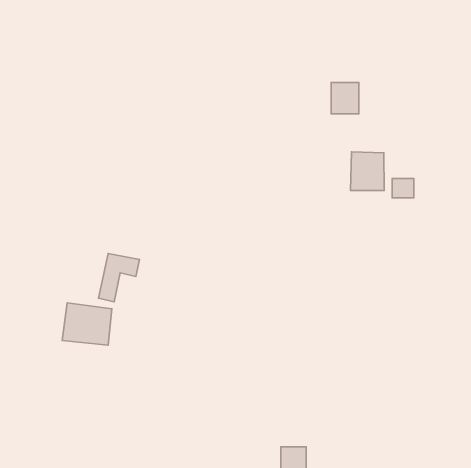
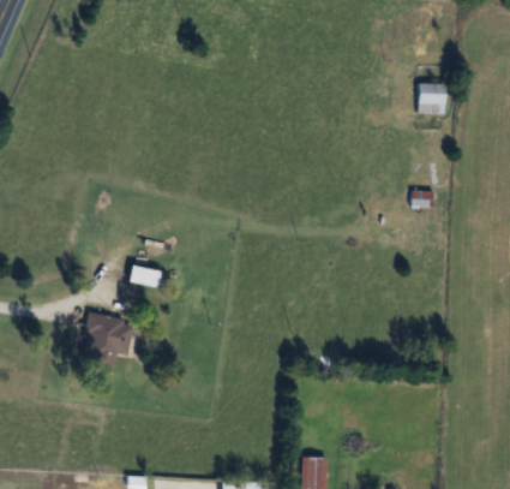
building: [331,83,359,114] -> [418,82,445,113]
building: [350,152,384,191] -> none

